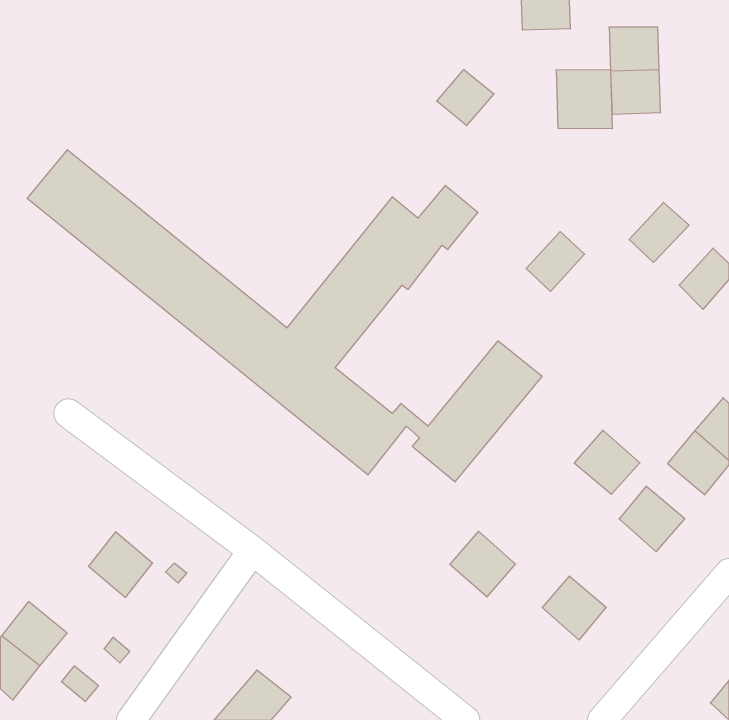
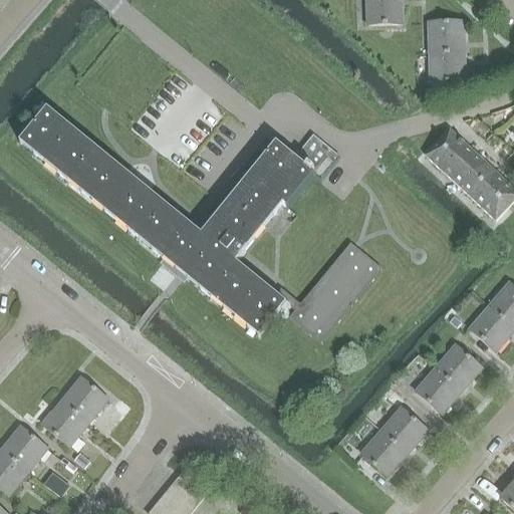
building: [437,70,494,126] -> none
building: [557,70,612,129] -> none
building: none -> [460,159,502,201]
building: [526,232,585,291] -> [426,126,467,169]
building: [574,430,640,494] -> [416,365,462,411]
building: [450,531,516,597] -> [361,428,408,474]
building: none -> [43,399,88,444]

